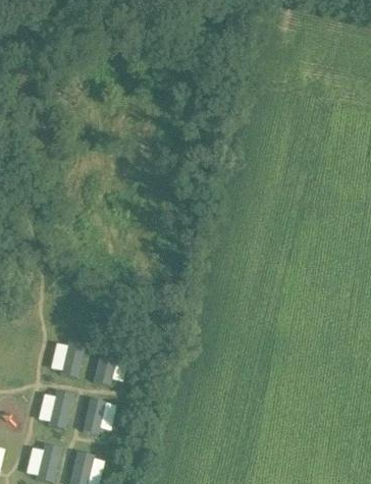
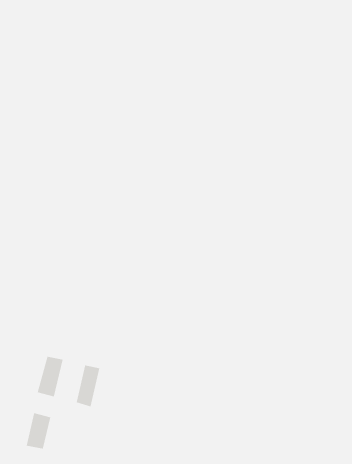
building: [83,399,106,434] -> none

